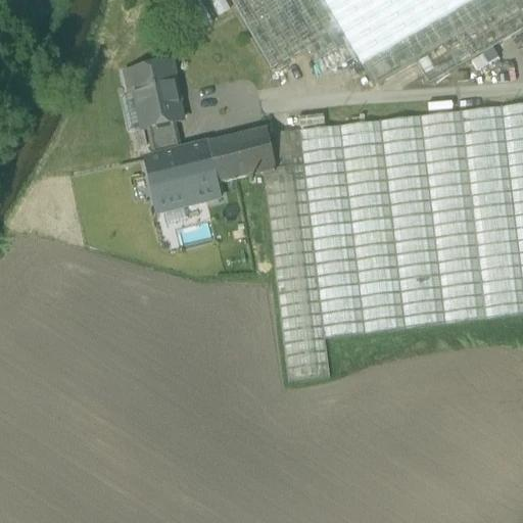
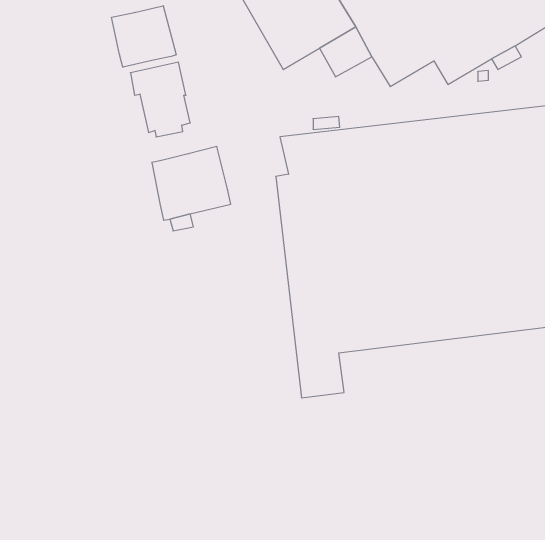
building: none -> [112,6,176,67]
building: [150,126,181,153] -> none
building: [208,126,277,181] -> none

